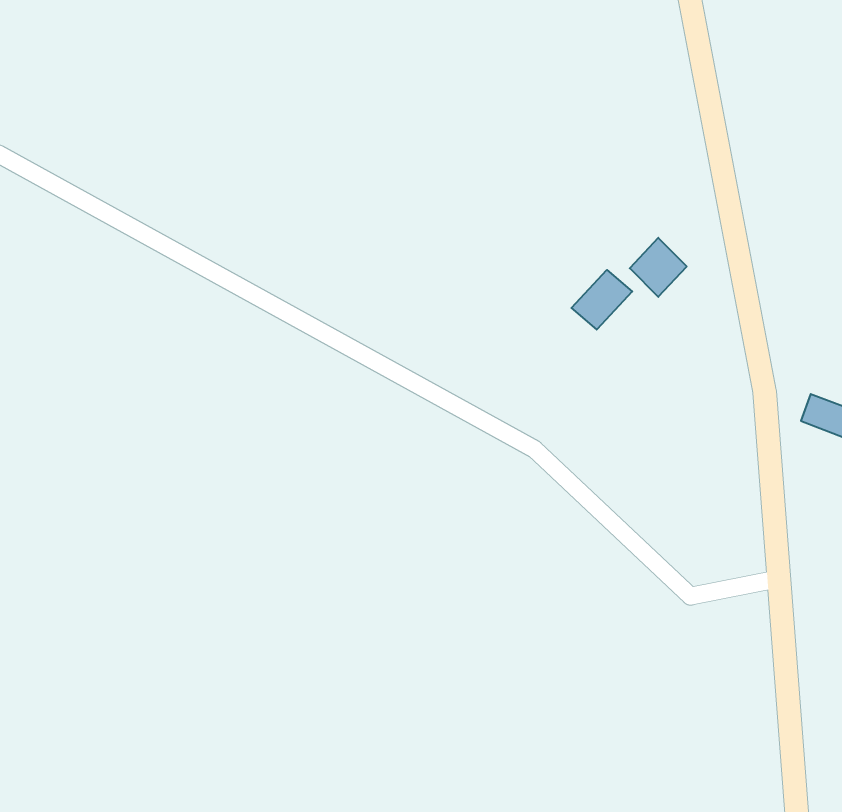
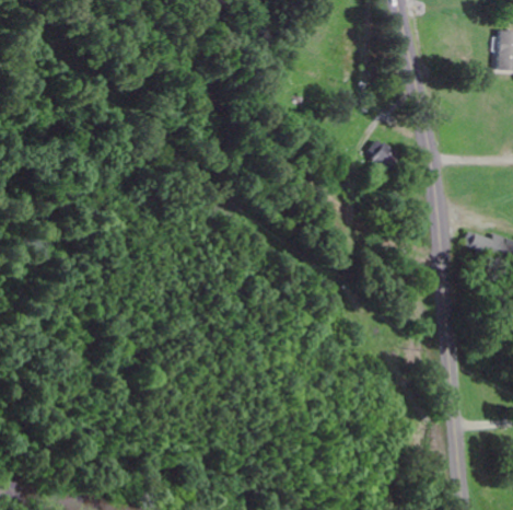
building: [571,270,632,330] -> none

